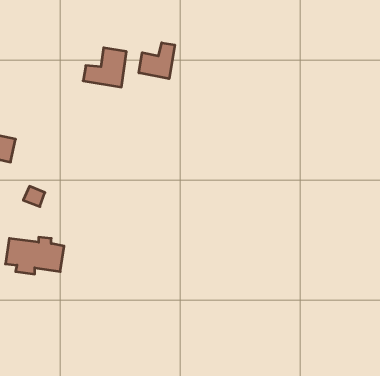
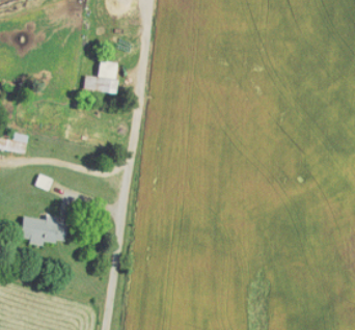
building: [139,43,175,79] -> none

